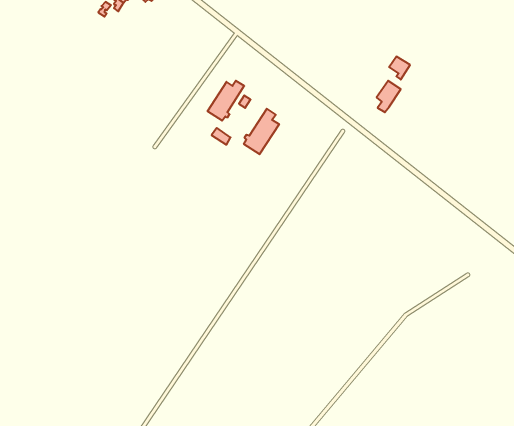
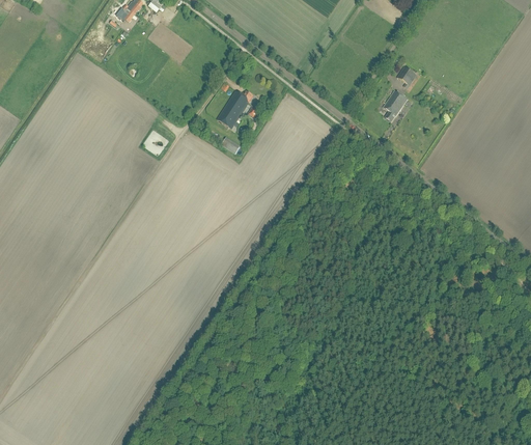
building: [244,109,279,154] -> none

